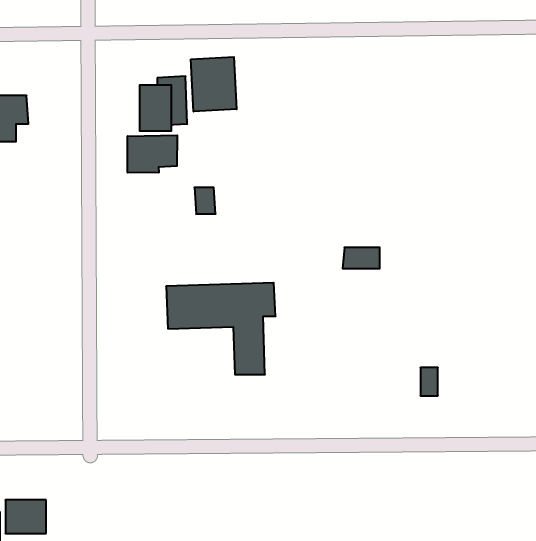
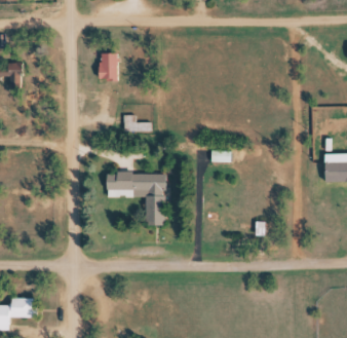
building: [191,57,237,112] -> none
building: [128,135,177,173] -> none

